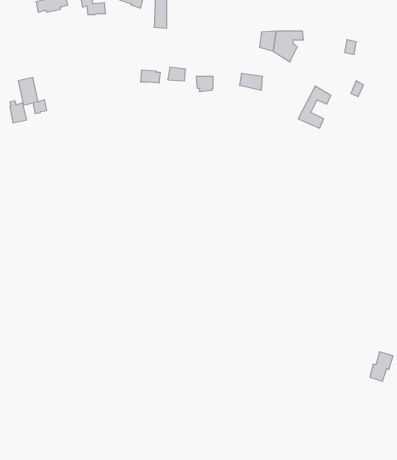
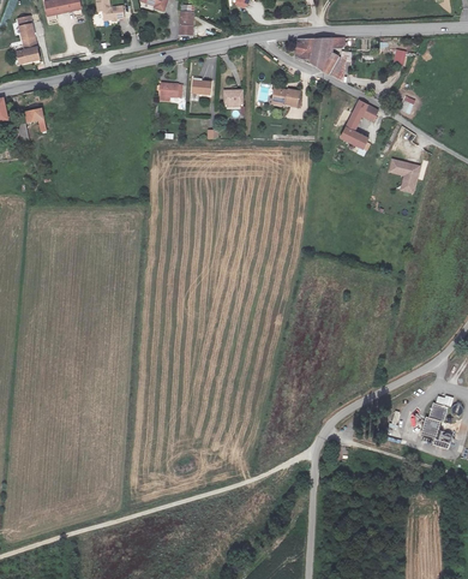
building: none -> [14,13,37,62]
building: none -> [388,157,421,192]

